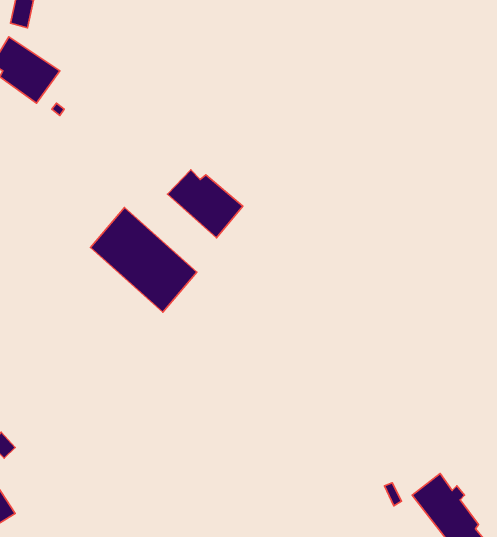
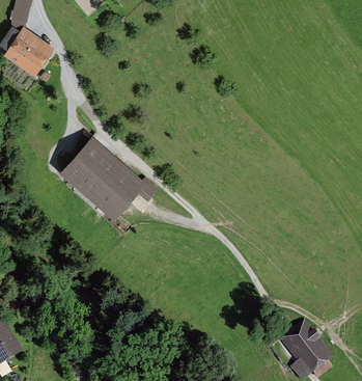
building: [167,170,243,238] -> none

